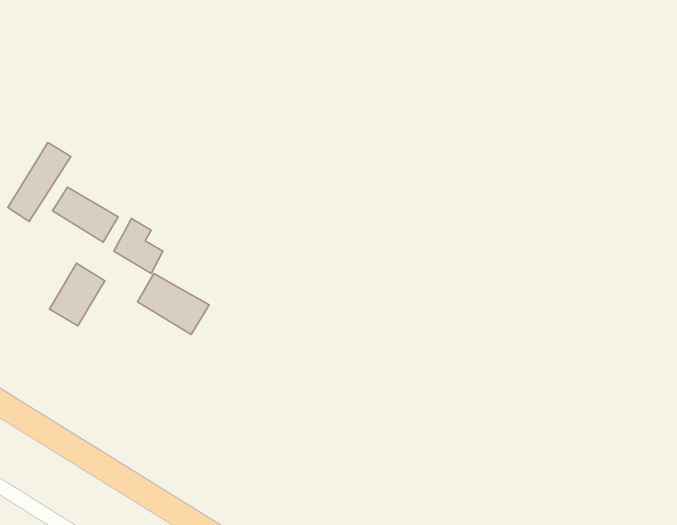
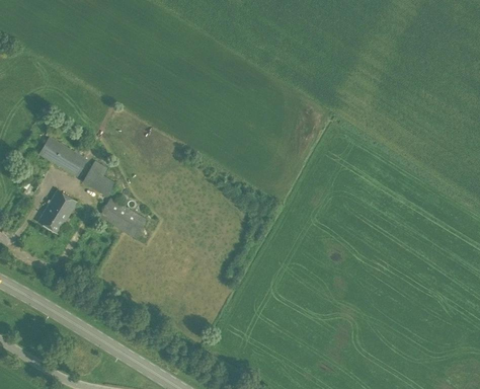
building: [8,142,71,221] -> none

